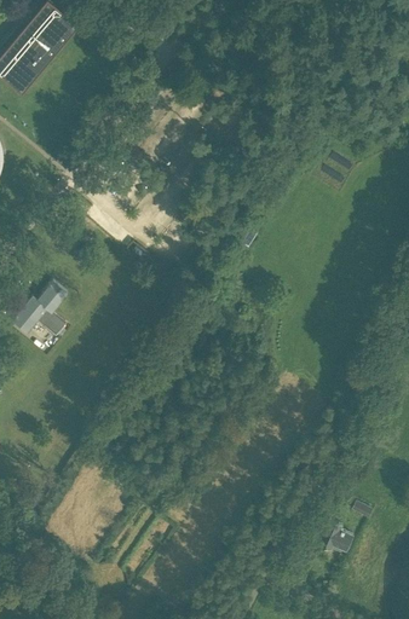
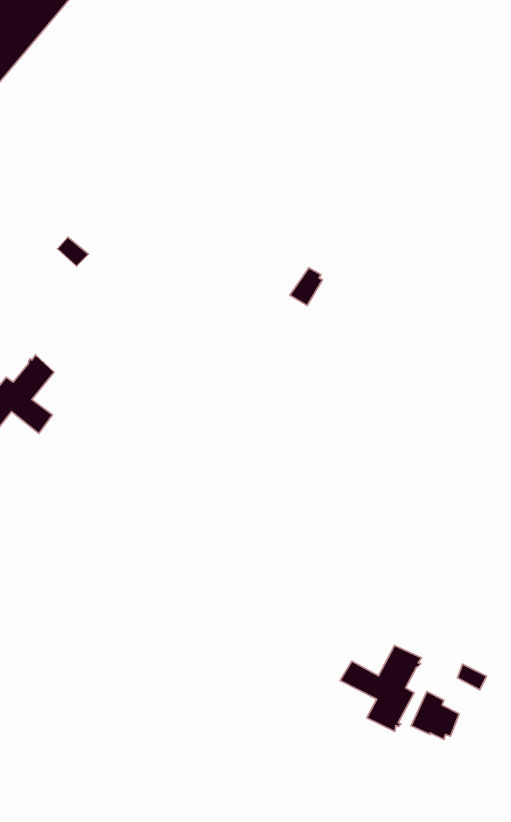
building: none -> [340,646,422,732]

